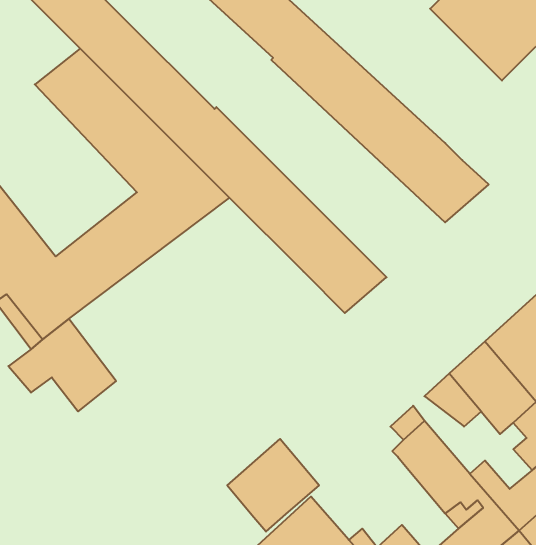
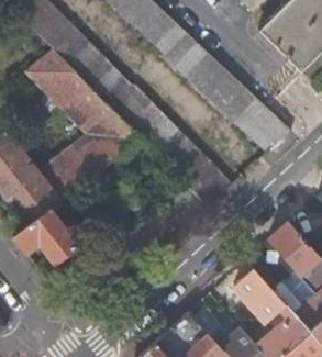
building: [227,439,319,532] -> none

